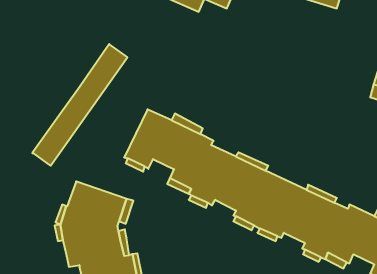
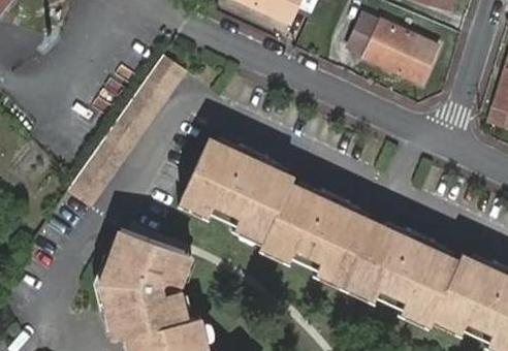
building: none -> [348,14,438,84]

